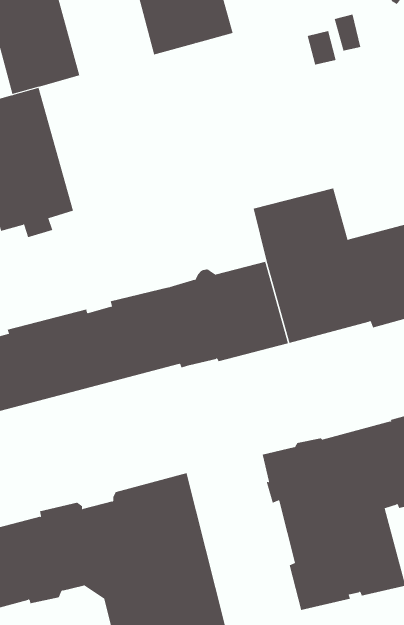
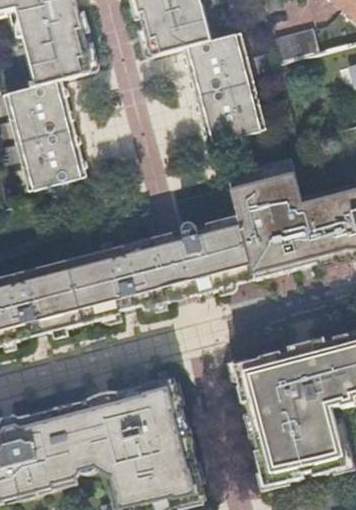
building: none -> [182,28,266,146]

